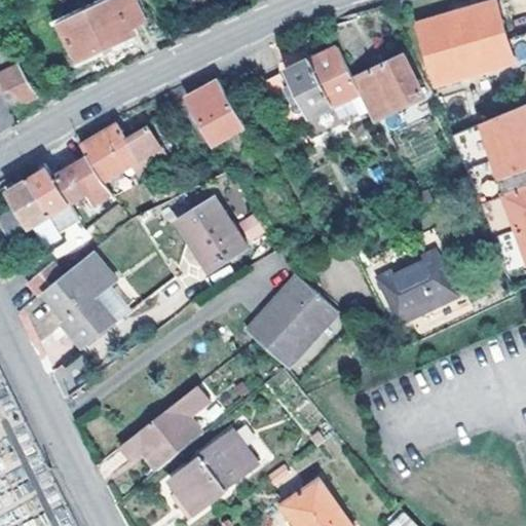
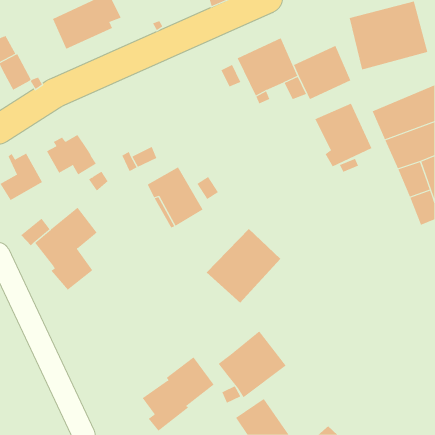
building: [188,84,245,146] -> none
building: [83,123,168,180] -> none
building: none -> [315,103,372,167]
building: [32,166,80,235] -> none
building: [369,250,457,328] -> none
building: [118,385,204,467] -> none
building: none -> [218,331,287,398]

